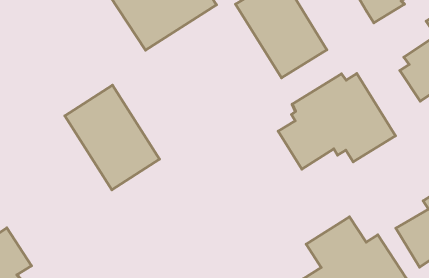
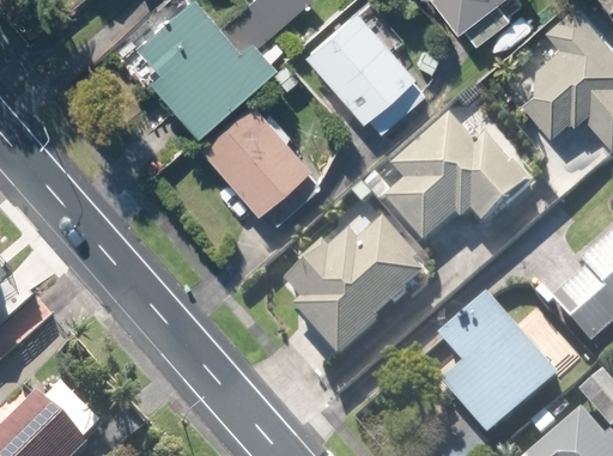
building: [65,85,160,190] -> [196,93,326,226]
building: none -> [274,202,427,354]

